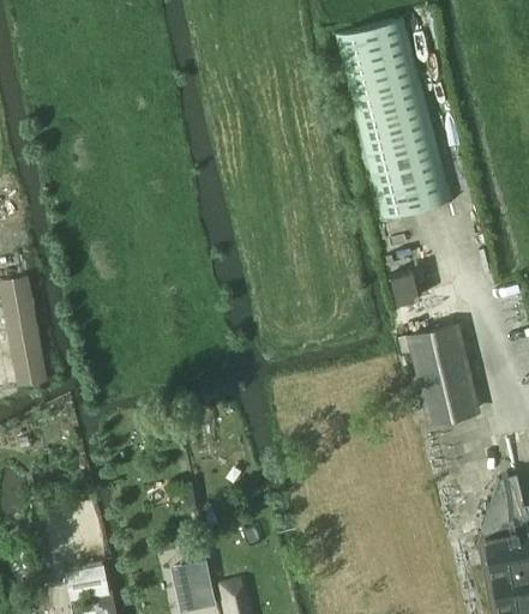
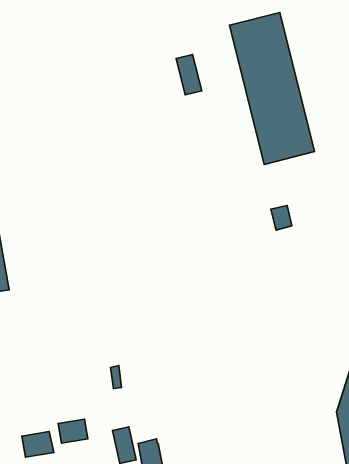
building: none -> [176,55,202,95]
building: [407,327,480,427] -> none
building: none -> [58,419,88,443]

